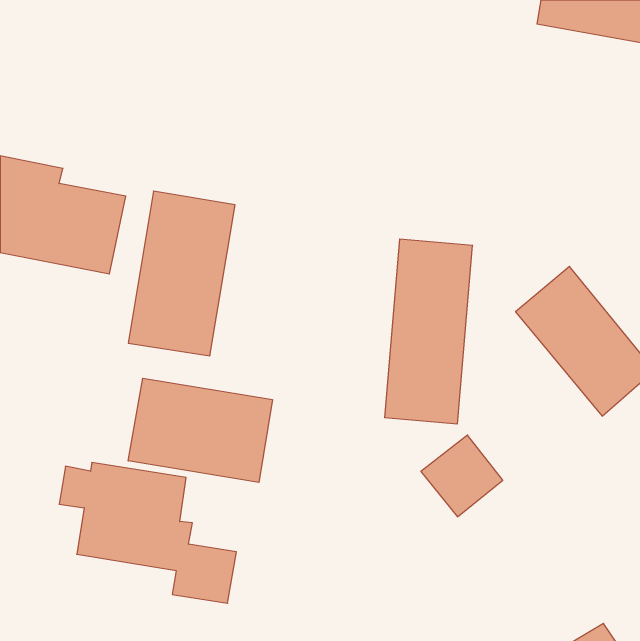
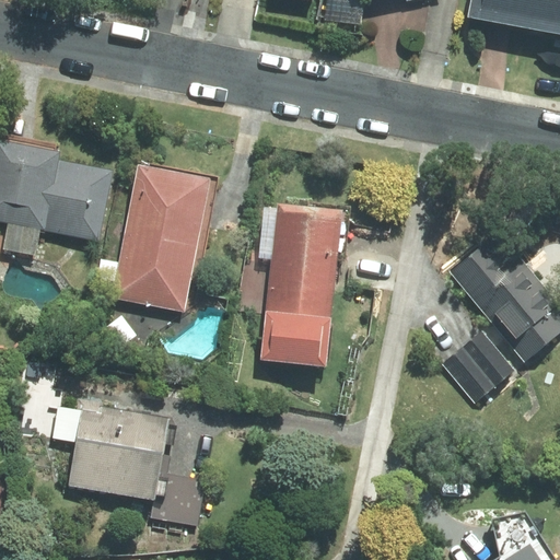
building: [385,239,473,424] -> [261,203,338,364]
building: [128,378,272,482] -> none
building: [421,435,503,517] -> [442,331,513,402]

